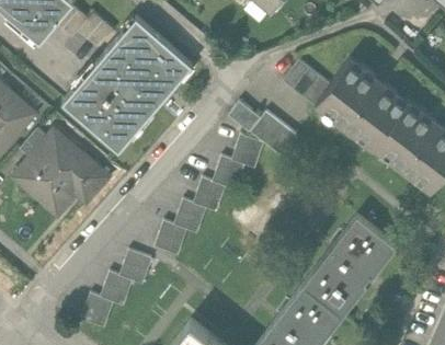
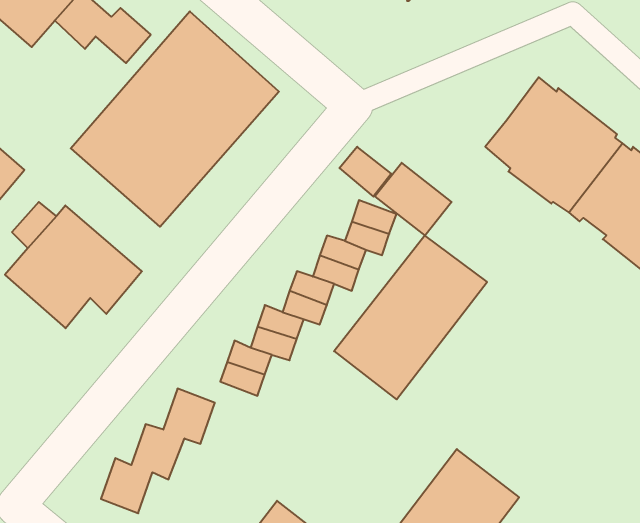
building: [284,62,331,107] -> none
building: [300,218,395,319] -> [334,236,487,399]

